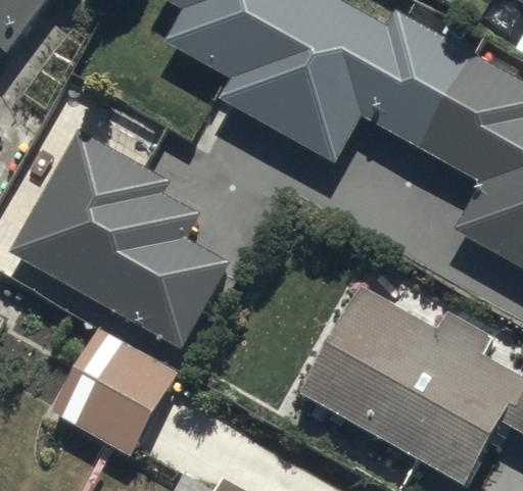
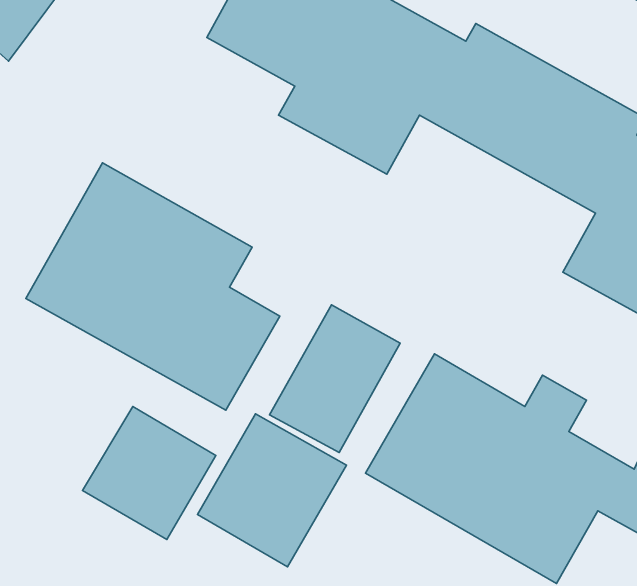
building: none -> [270,305,400,452]
building: none -> [197,414,347,567]

